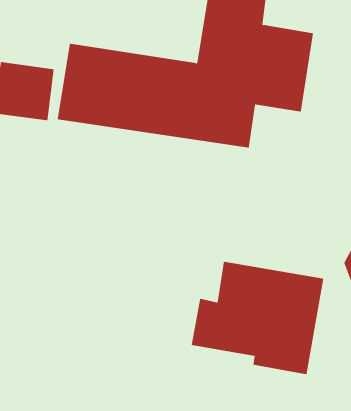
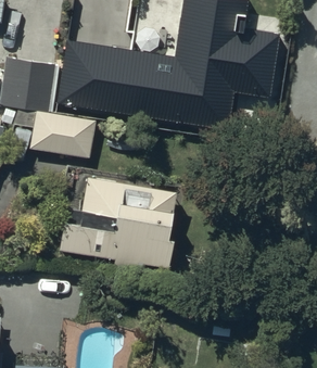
building: none -> [30,112,94,156]
building: [191,261,324,375] -> [60,177,177,277]

